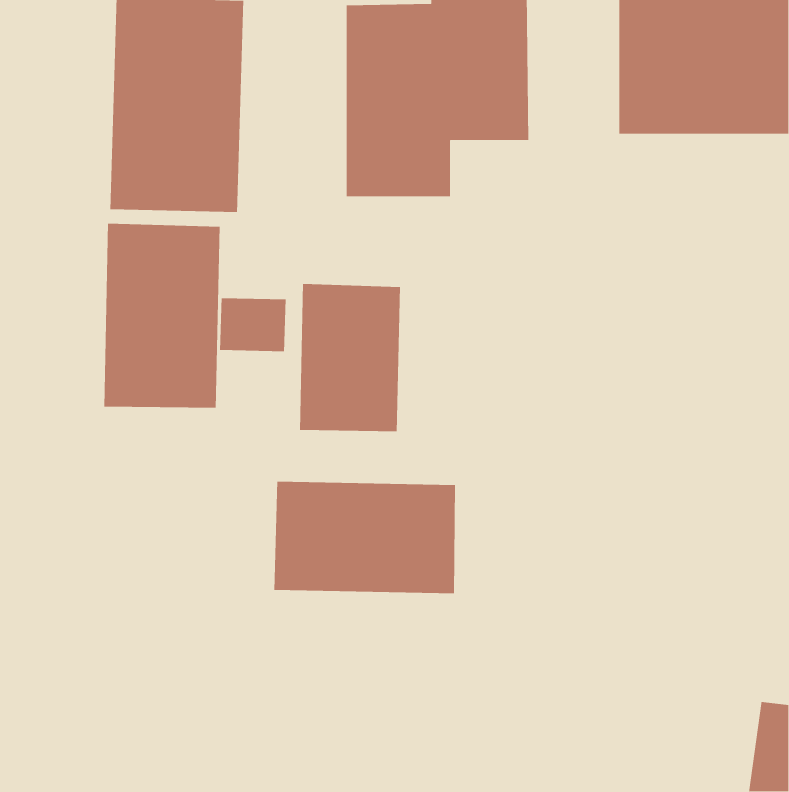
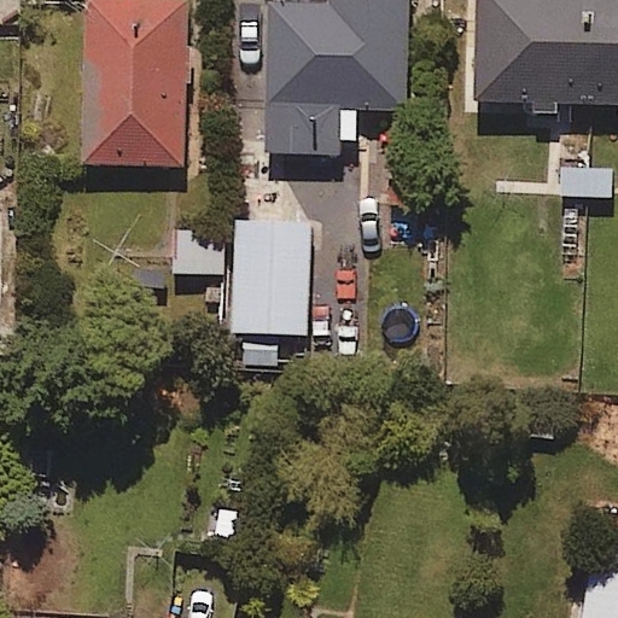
building: [103,223,220,408] -> none
building: [274,481,456,594] -> none

